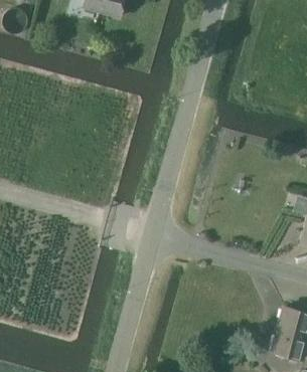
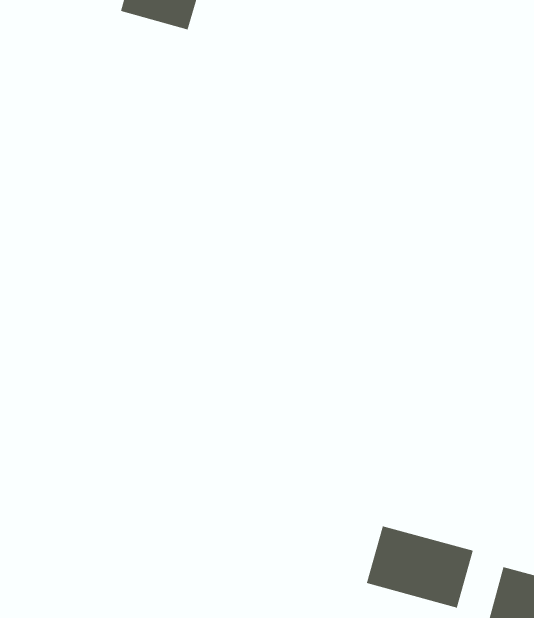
building: none -> [366,525,474,608]

